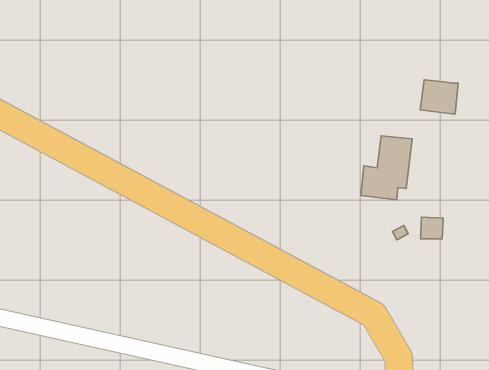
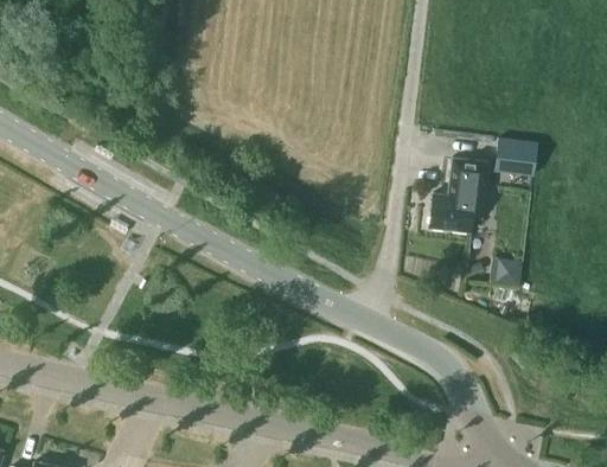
building: [420,80,458,114] -> [493,141,537,180]

